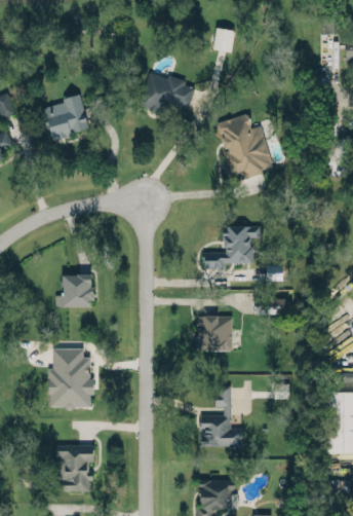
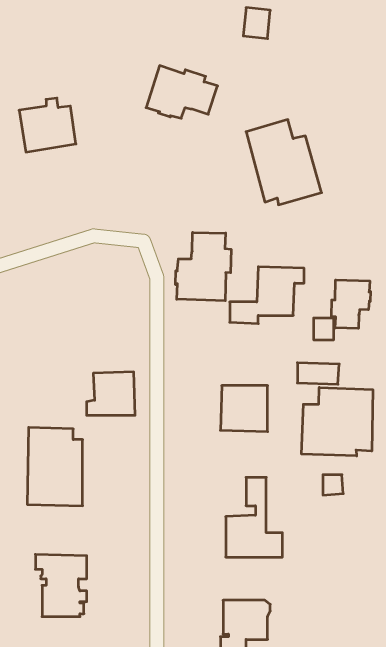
building: none -> [176,232,231,301]
building: none -> [331,280,370,328]
building: [55,273,92,306] -> [87,372,135,415]
building: none -> [302,387,373,456]

